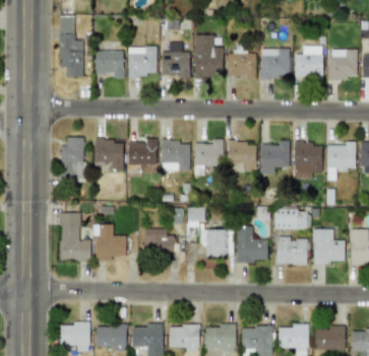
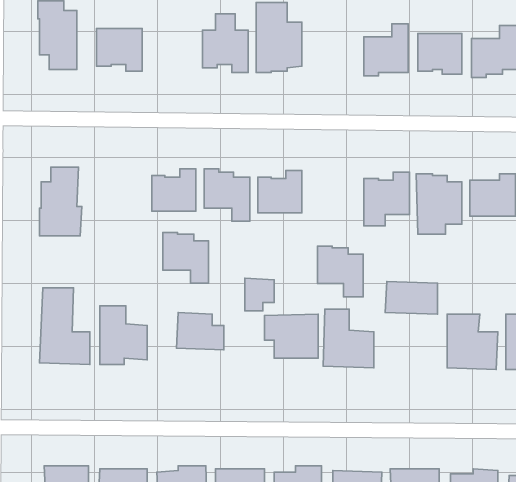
building: [128,46,156,77] -> none
building: [228,53,256,79] -> none
building: [95,138,123,169] -> [163,233,208,283]
building: [228,140,256,171] -> [317,246,363,297]
building: [275,235,307,264] -> none

